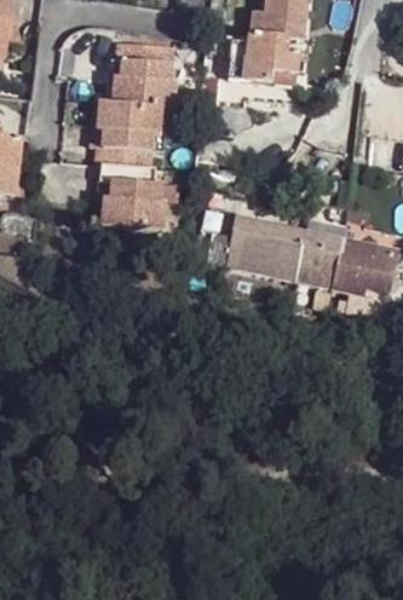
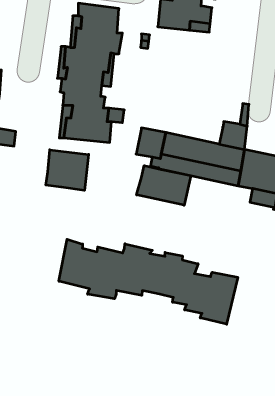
building: none -> [46,150,89,190]
building: none -> [137,166,191,205]
building: none -> [59,239,238,324]

